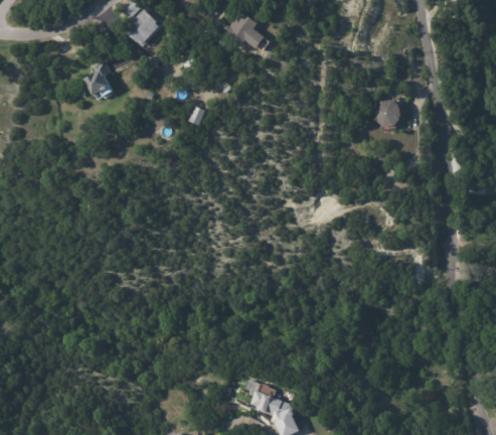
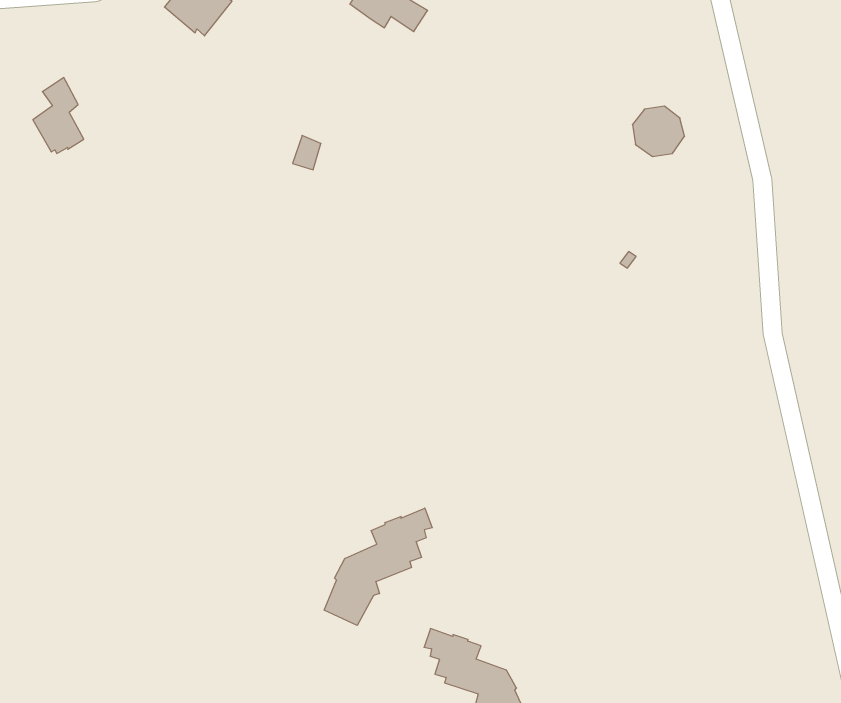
building: [87,58,114,100] -> [33,78,84,153]
building: none -> [324,508,432,625]

